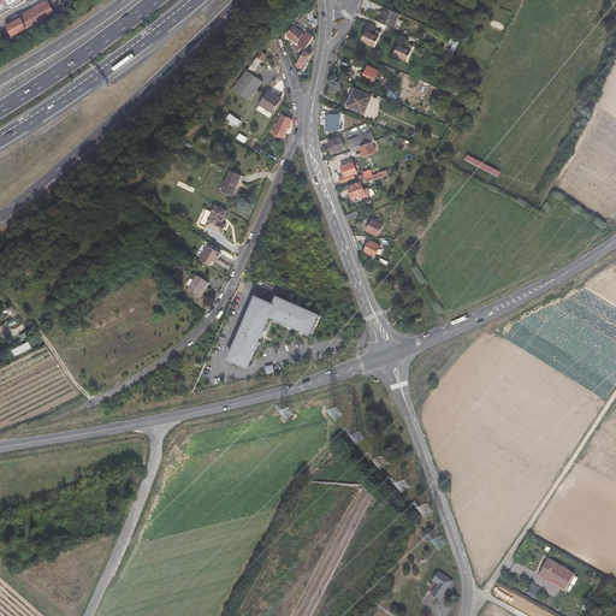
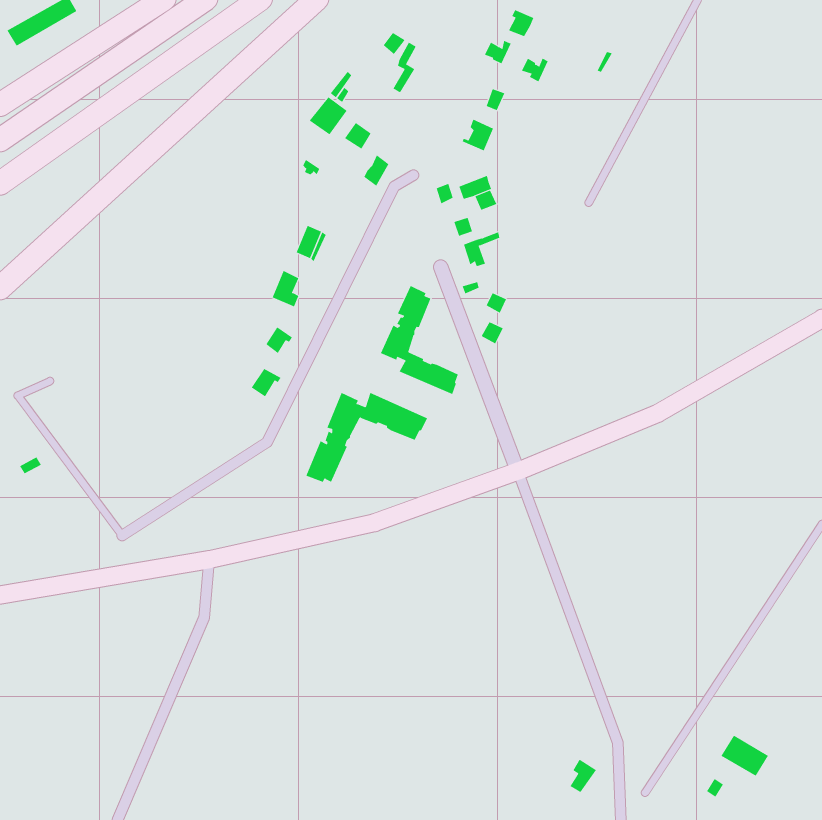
building: none -> [380,285,459,395]

